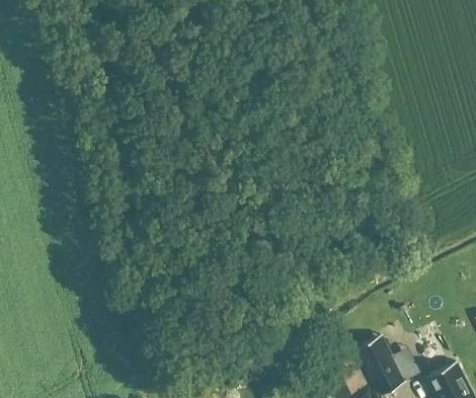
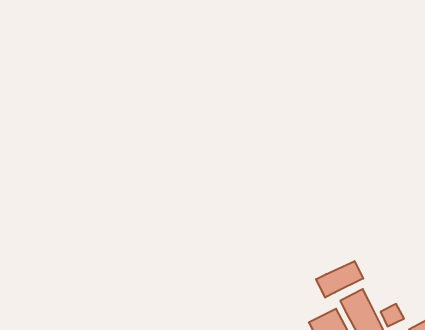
building: none -> [316,261,363,298]

